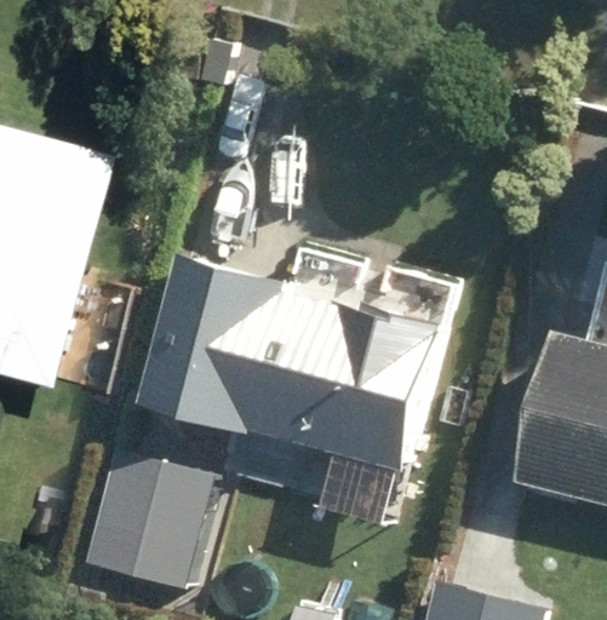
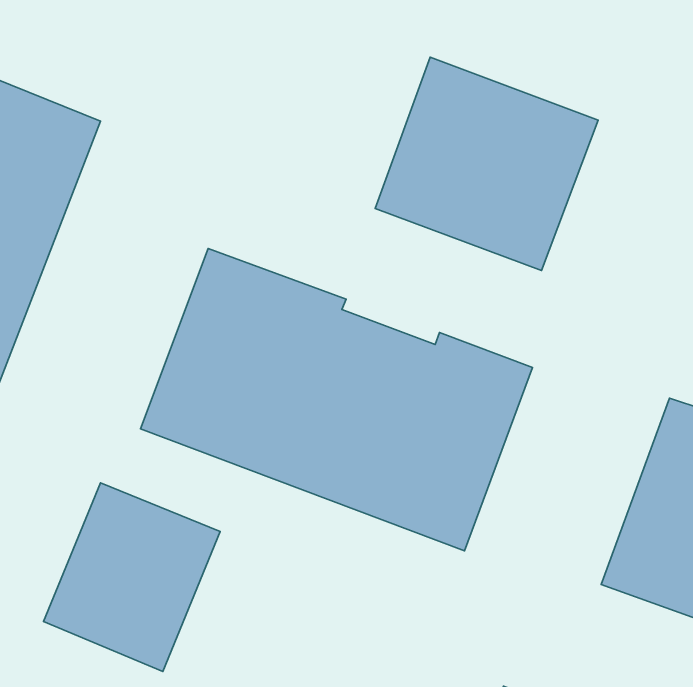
building: none -> [375,57,598,270]

